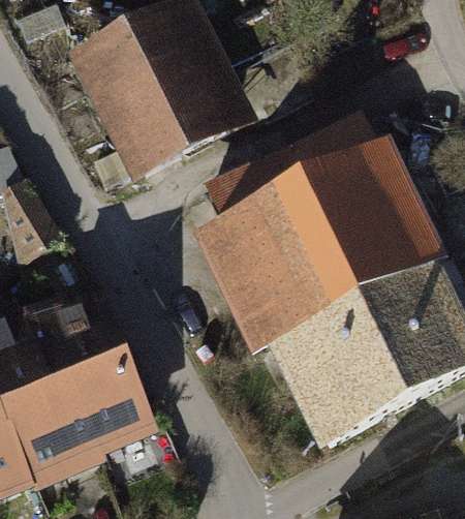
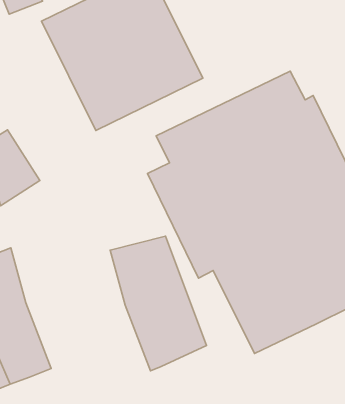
building: [32,302,146,461] -> [110,236,207,371]

